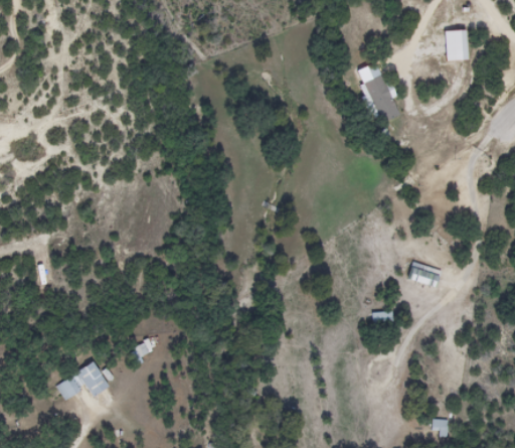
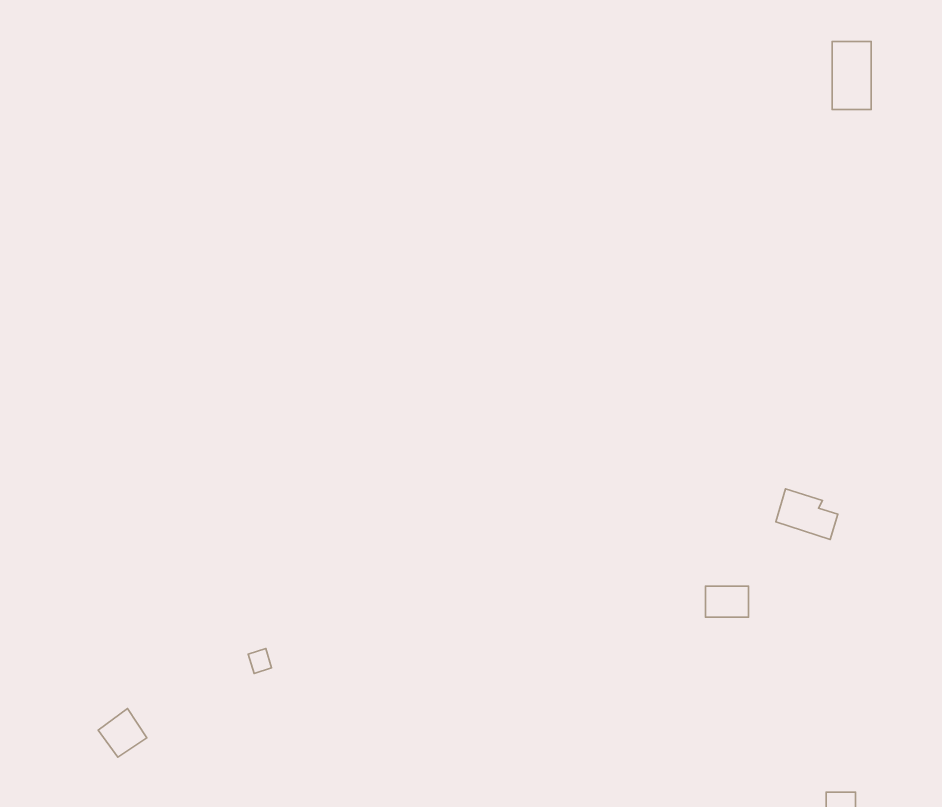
building: [77,360,111,398] -> none

